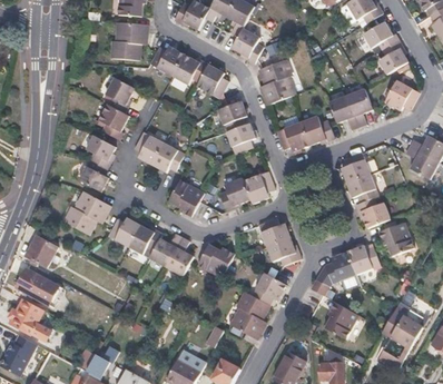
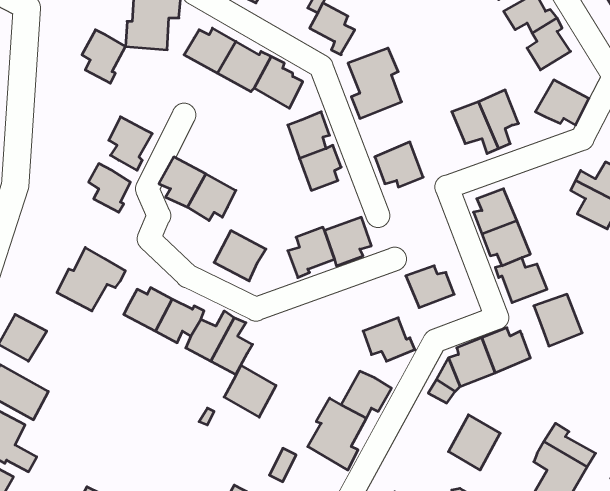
building: [105,77,134,112] -> [82,30,125,83]
building: [299,114,334,144] -> none
building: [79,158,108,190] -> none
building: [259,218,292,246] -> [406,266,454,308]
building: [199,243,234,277] -> [224,365,276,417]

